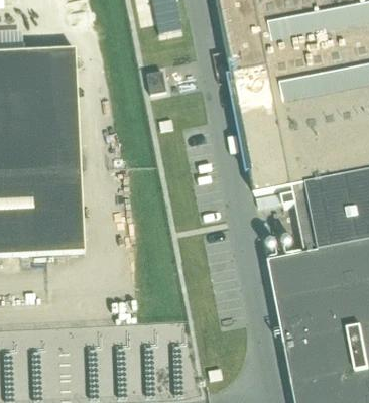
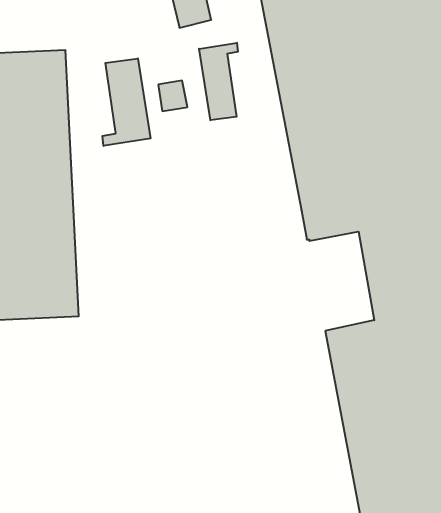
building: none -> [199,43,238,120]
building: none -> [102,58,151,146]

